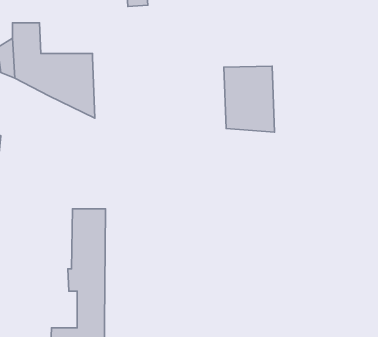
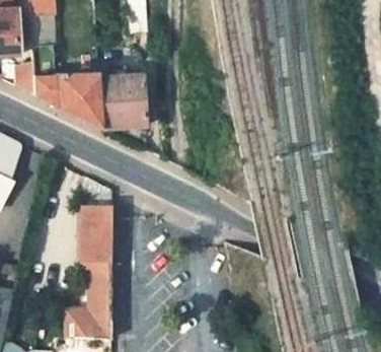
building: [224,66,274,132] -> [101,75,145,132]

